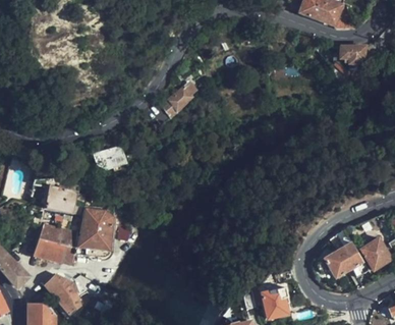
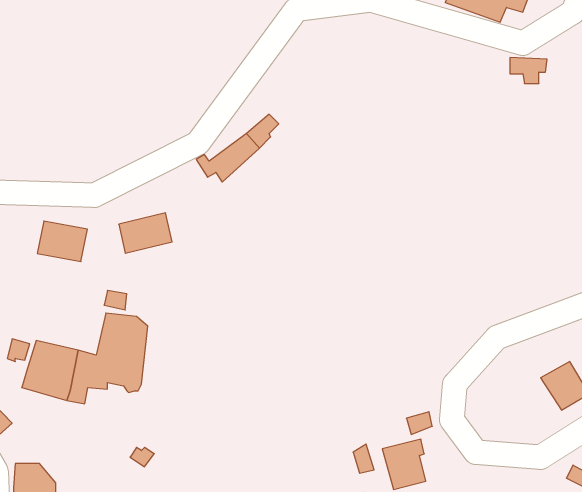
building: [47,186,78,212] -> [37,221,87,262]
building: [318,229,369,277] -> none
building: [46,274,80,314] -> none

